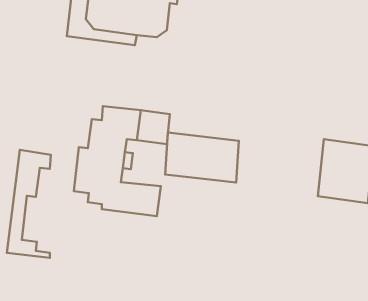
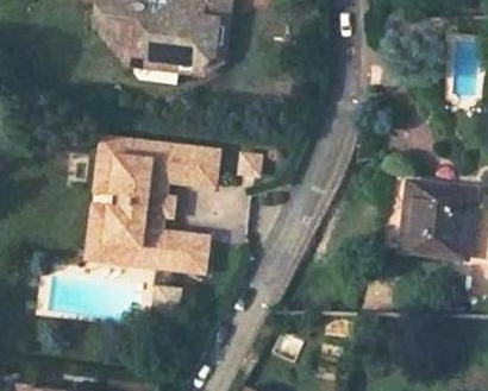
building: [165,133,239,183] -> none
building: [7,150,51,258] -> [87,137,139,265]

